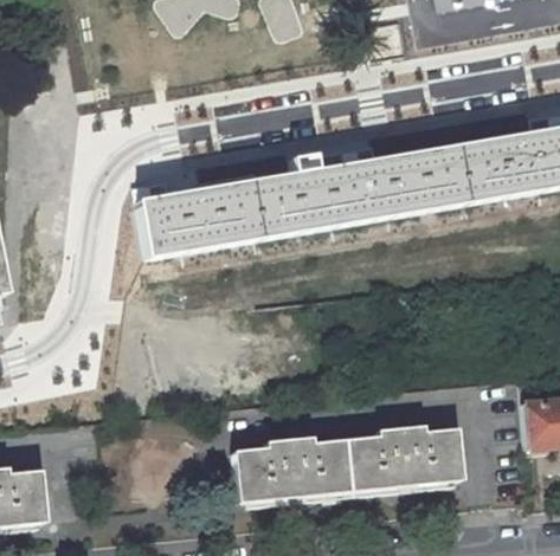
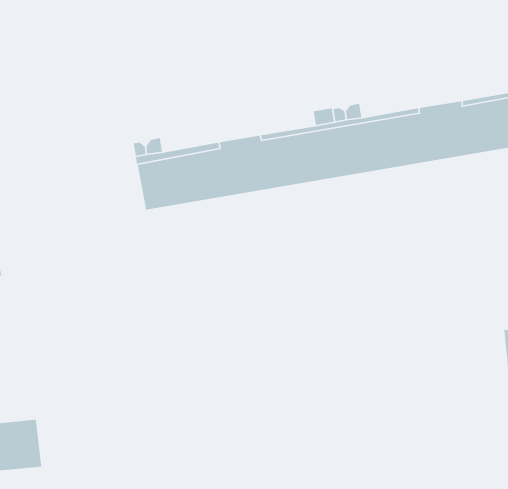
building: [236,427,463,502] -> none

